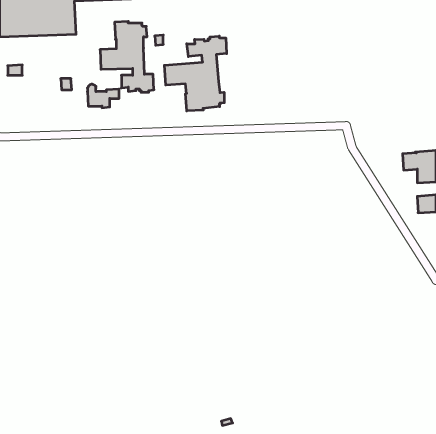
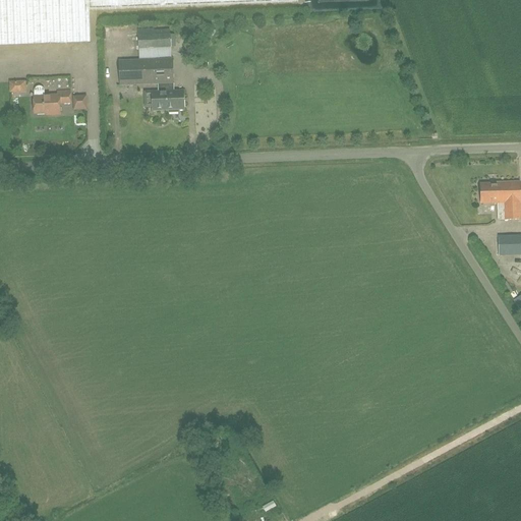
building: [164,36,227,111] -> none
building: [87,84,119,108] -> [33,83,70,112]

